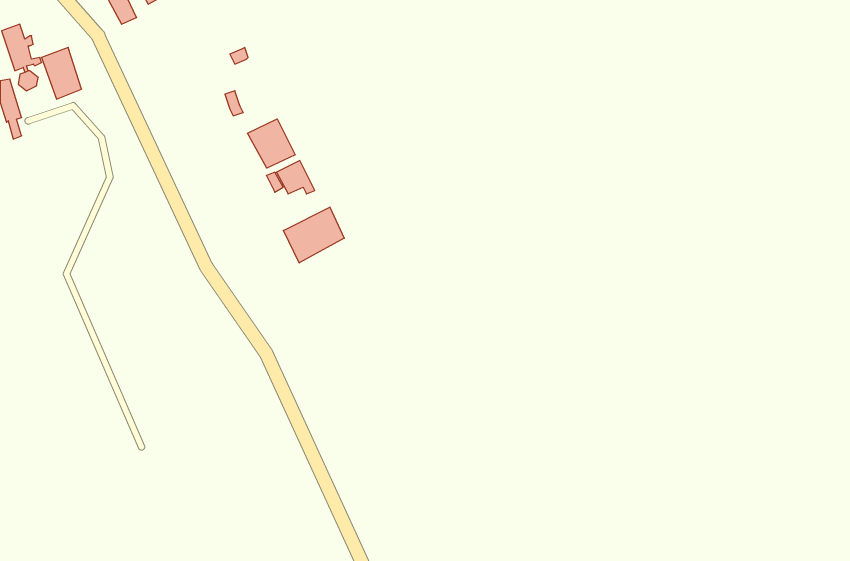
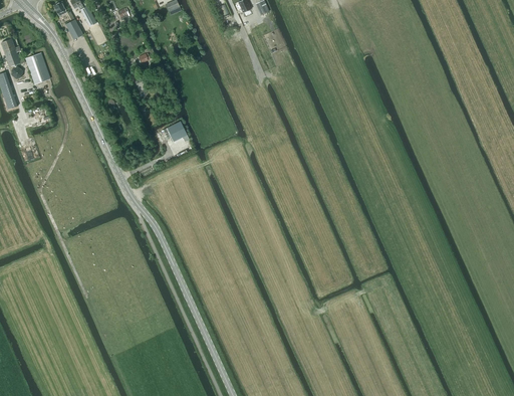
building: [247,119,295,168] -> none
building: [283,207,344,263] -> none

